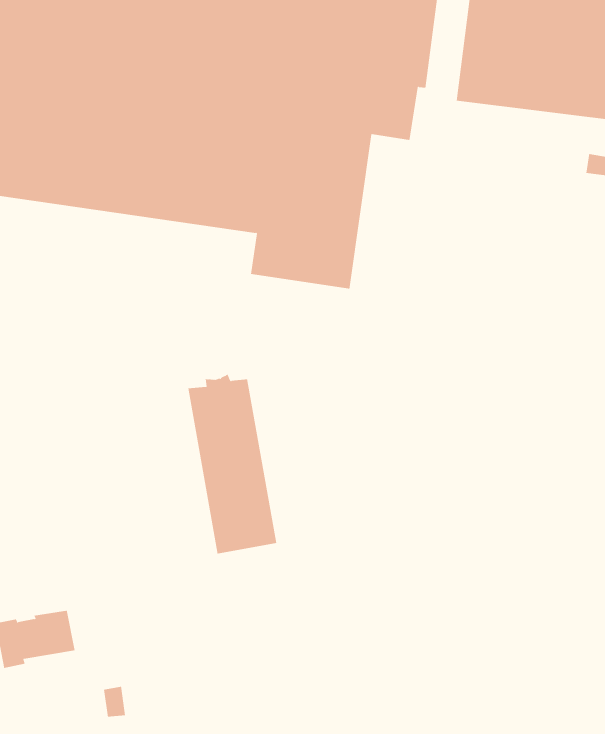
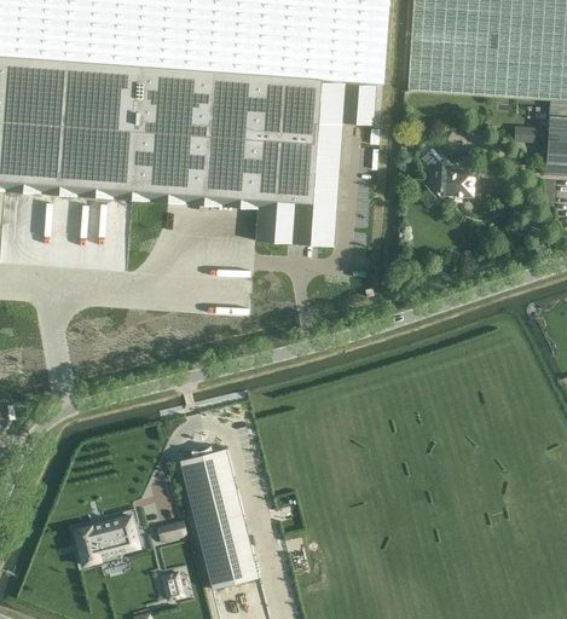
building: none -> [423,160,475,192]
building: [187,373,277,554] -> [179,441,259,585]

